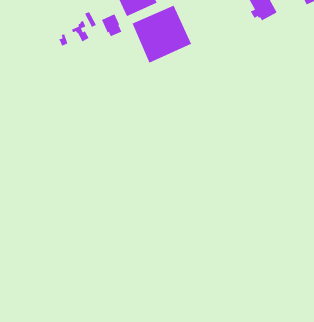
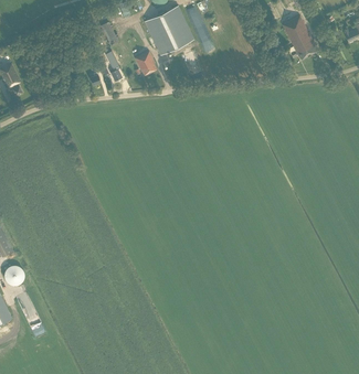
building: [132,5,192,64] -> none

